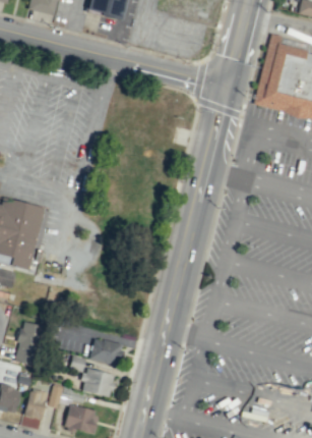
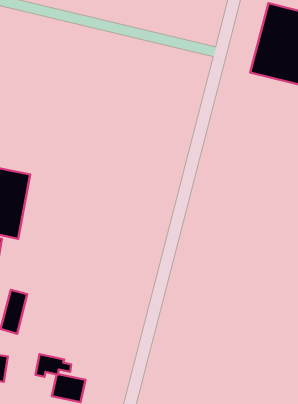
building: [90,338,124,365] -> none
building: [81,368,115,396] -> none
building: [24,388,48,419] -> none

